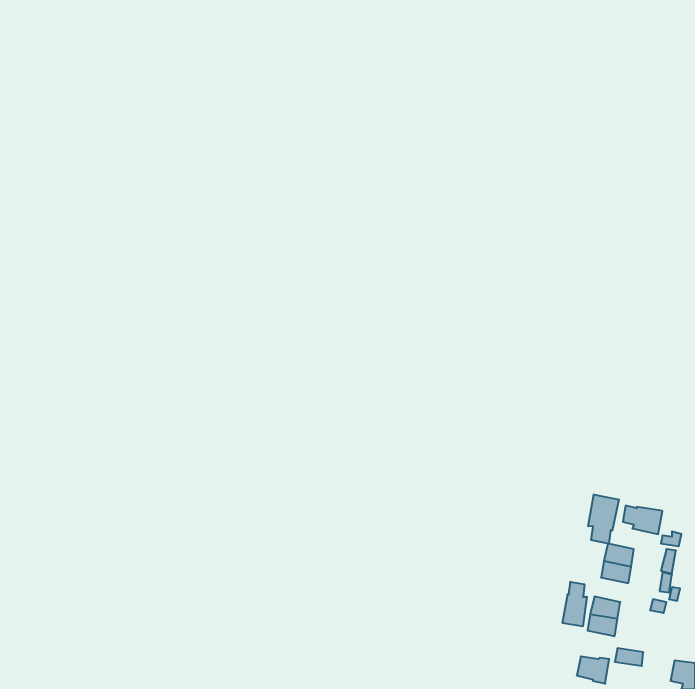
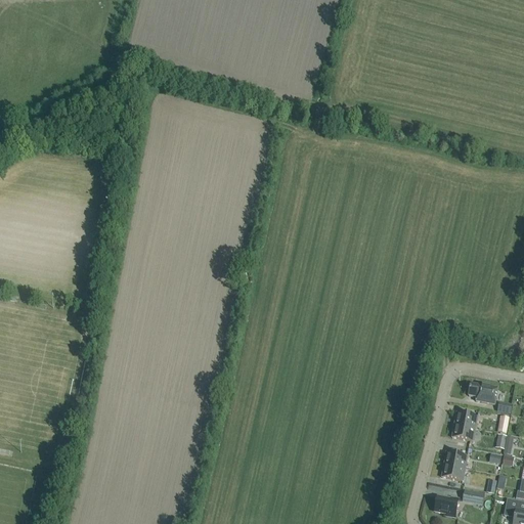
building: [588,494,619,544] -> none
building: [563,582,587,626] -> none

